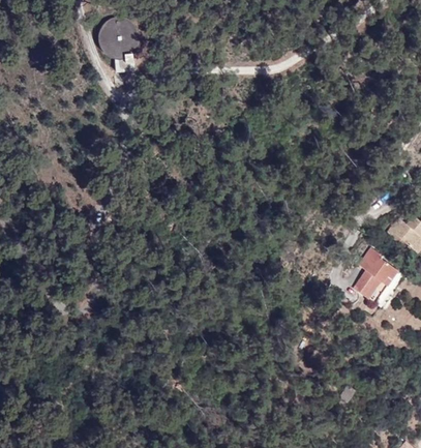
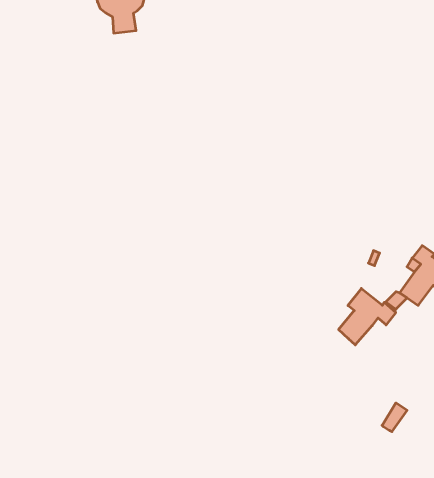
building: none -> [339,288,396,345]

